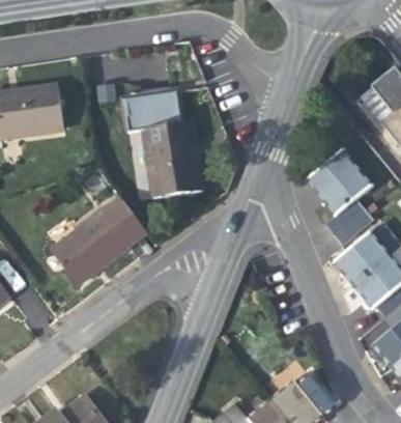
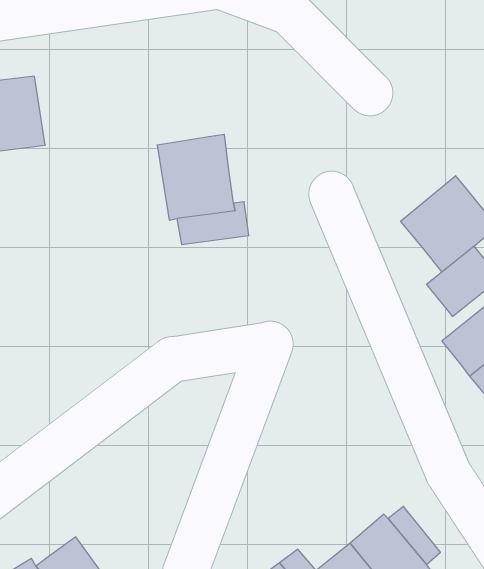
building: [122,86,181,132] -> none
building: [50,196,147,285] -> none

